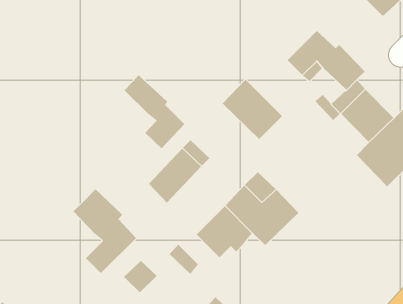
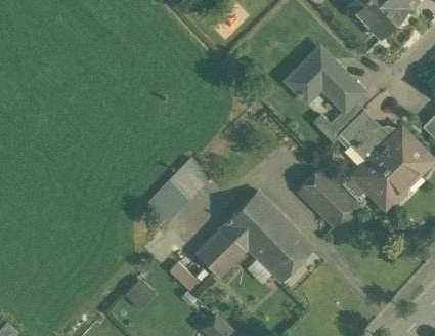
building: [123,75,185,149] -> none
building: [222,79,283,140] -> [297,167,357,227]
building: [72,188,137,274] -> none
building: none -> [264,233,314,282]

